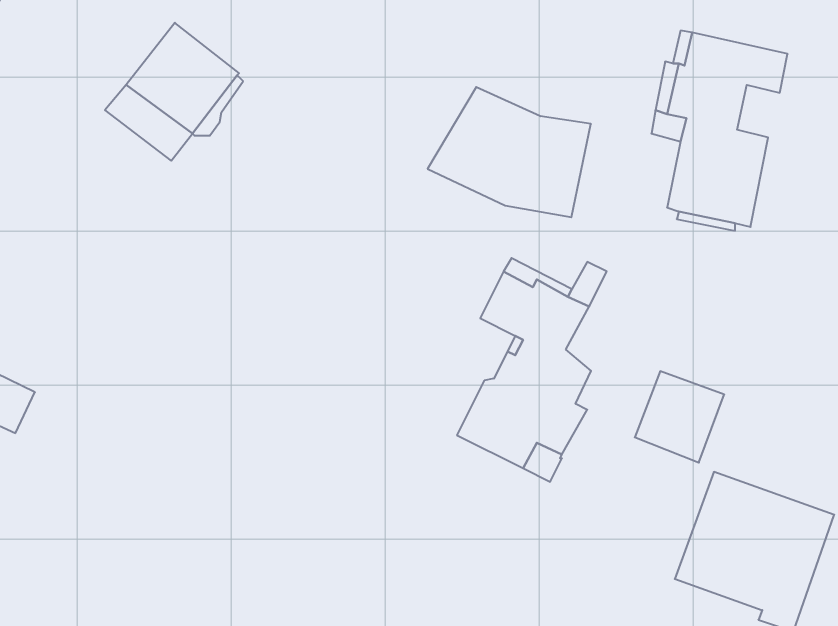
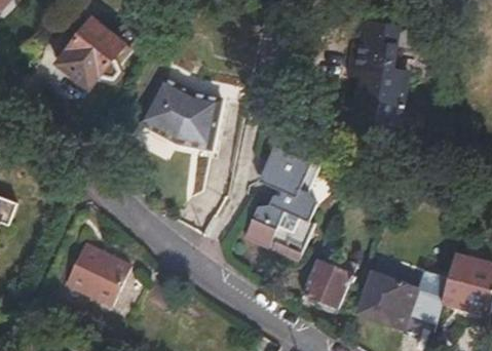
building: [428,87,591,217] -> [131,84,218,153]
building: [635,371,724,463] -> [297,257,344,305]
building: none -> [70,243,137,306]

